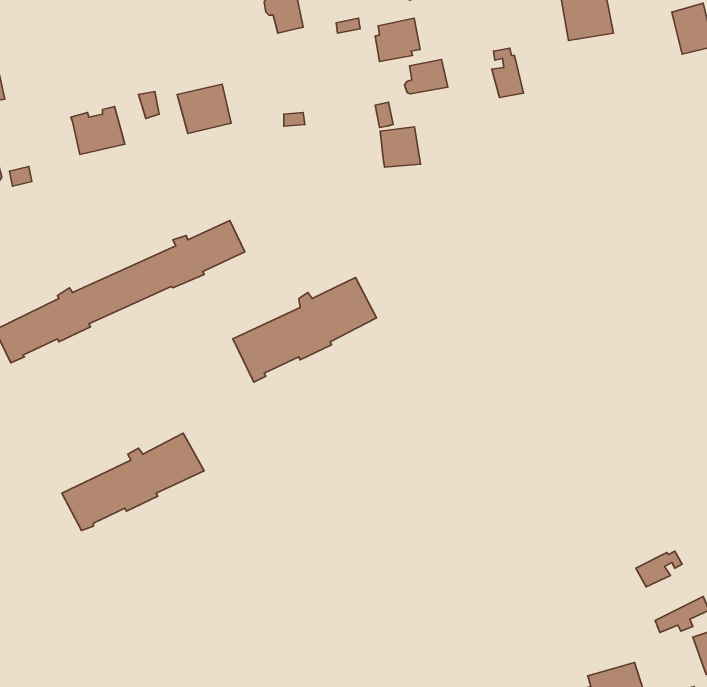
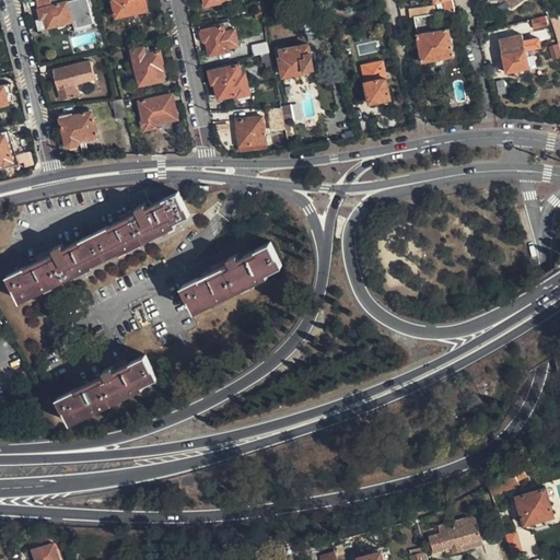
building: none -> [131,50,164,86]
building: none -> [51,62,93,102]
building: none -> [210,68,249,101]
building: [405,60,448,94] -> none
building: [380,127,420,167] -> [238,119,268,149]
building: [636,551,682,587] -> none

